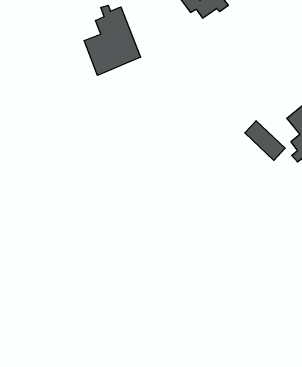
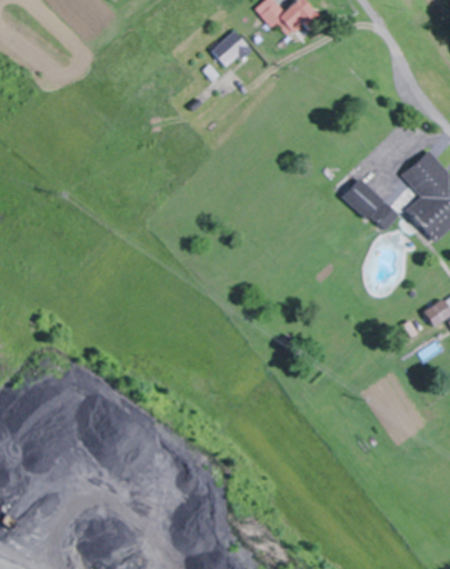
building: [84,5,141,75] -> none
building: none -> [212,33,246,63]

